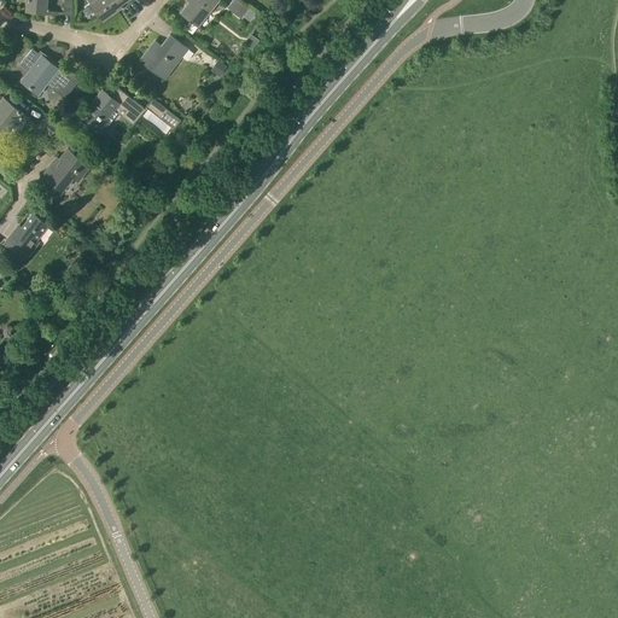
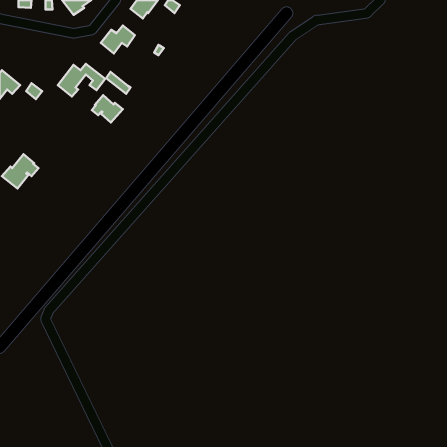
building: [19,49,78,99] -> none
building: none -> [92,95,123,123]
building: [42,148,89,191] -> none

